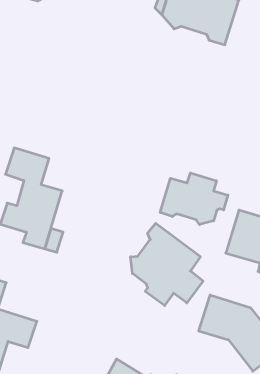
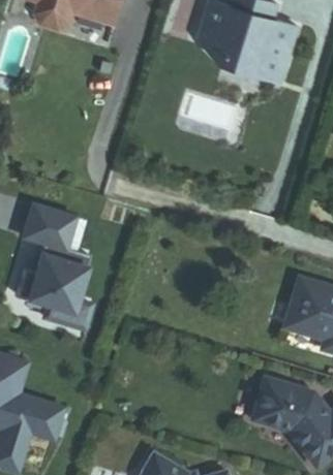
building: [160,173,228,225] -> none
building: [131,223,203,306] -> none

